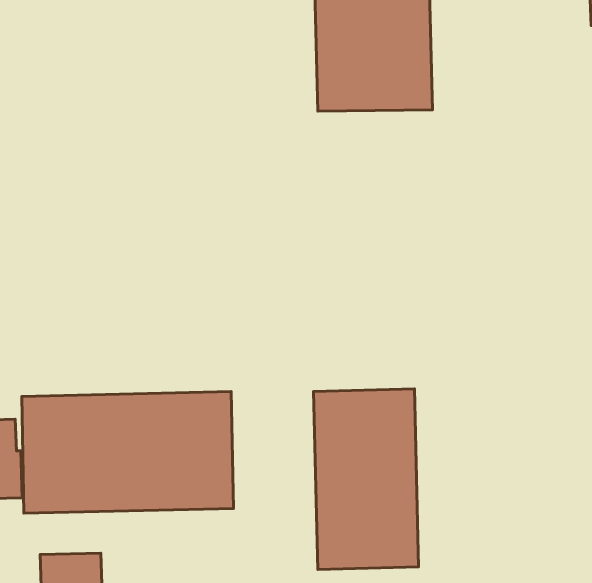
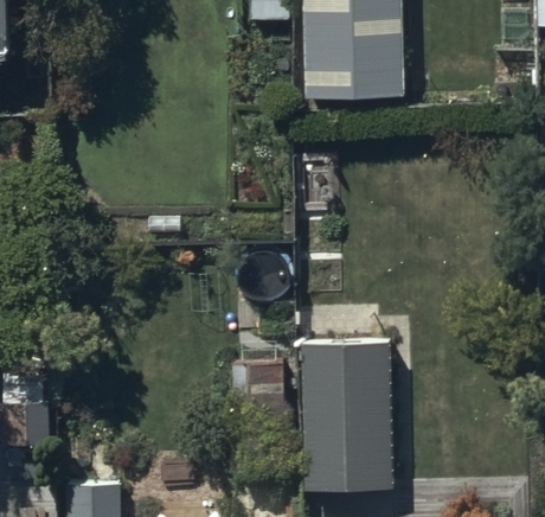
building: [22,392,233,513] -> none

